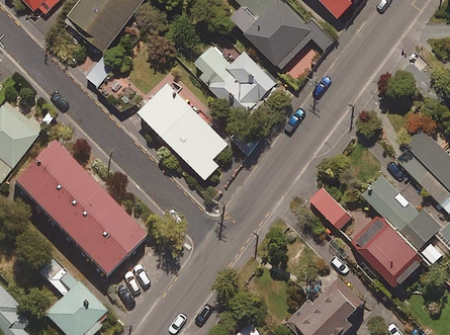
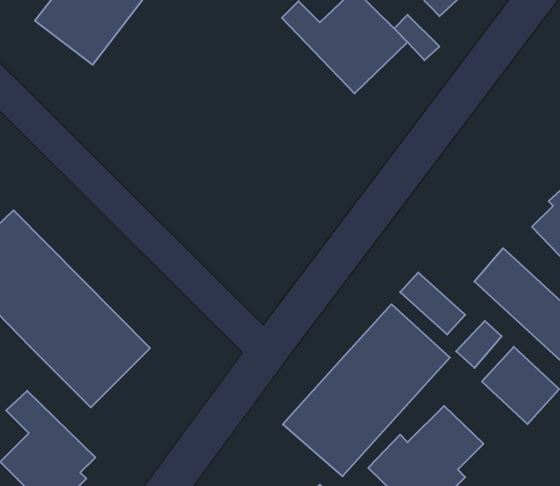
building: [193,43,278,120] -> none
building: [139,84,228,178] -> none
building: none -> [283,304,450,476]

